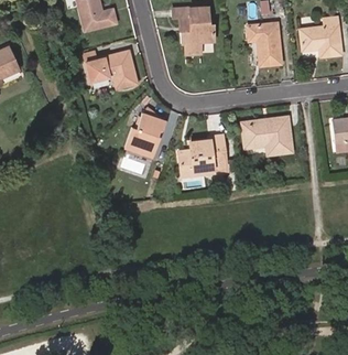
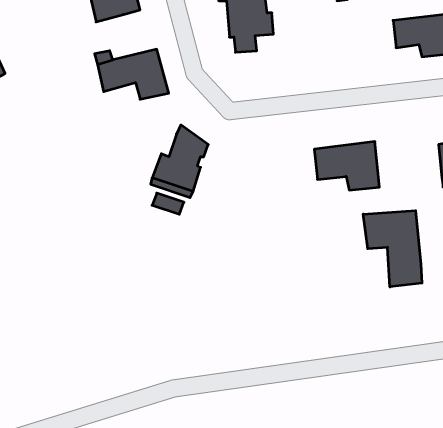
building: [247,23,280,64] -> none
building: [178,136,225,175] -> none
building: none -> [363,211,422,287]

